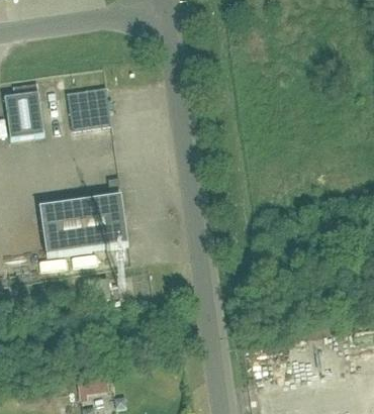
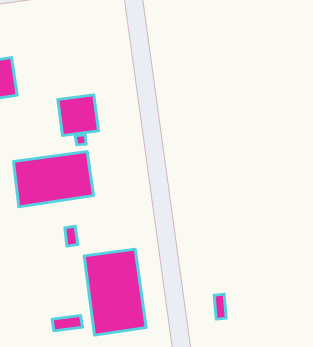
building: [65,84,109,128] -> [58,95,98,135]
building: none -> [84,249,146,335]

